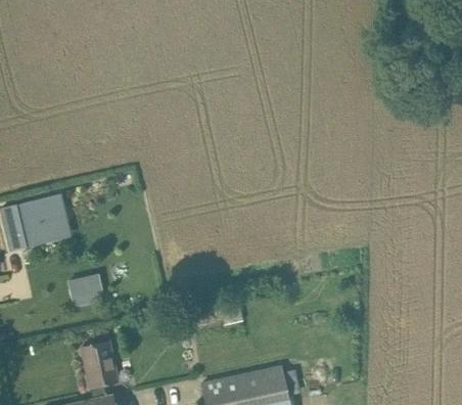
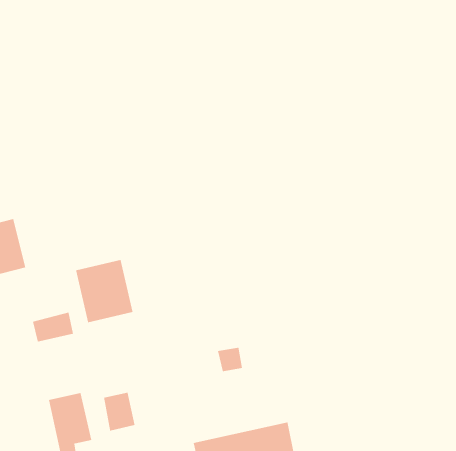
building: none -> [75,259,133,323]
building: none -> [103,392,135,432]

